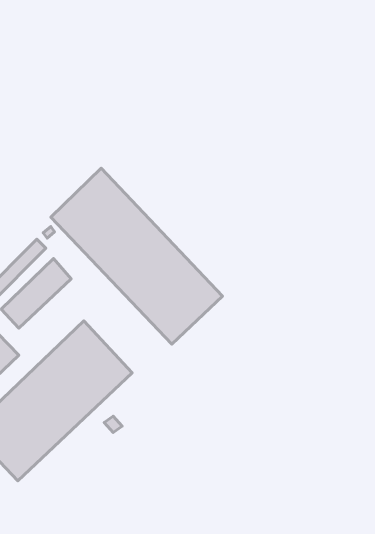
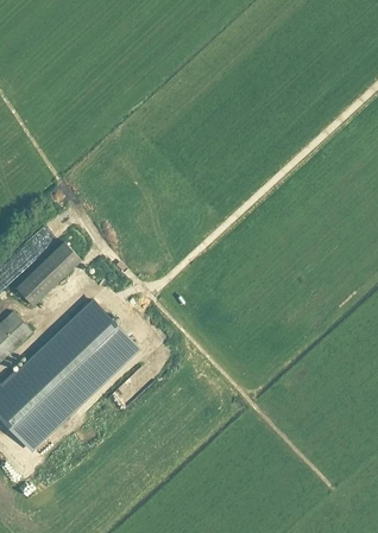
building: [51,168,222,344] -> none

